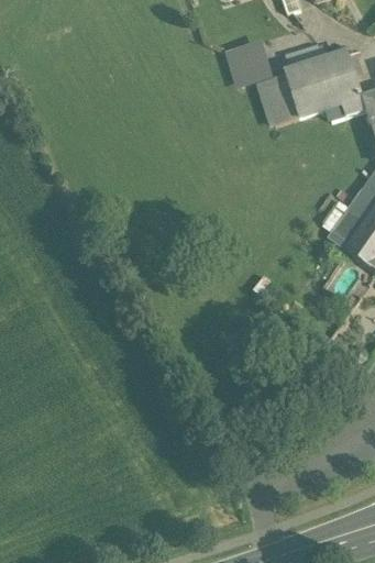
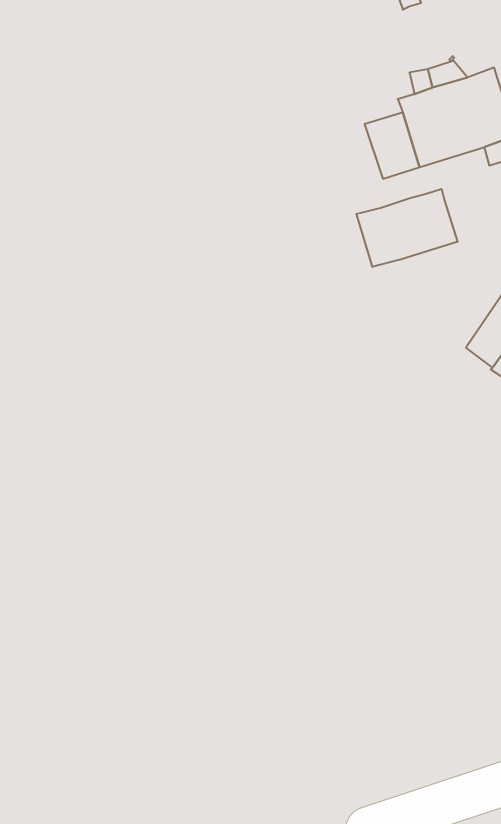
building: [232,40,267,78] -> none
building: none -> [356,189,458,267]

